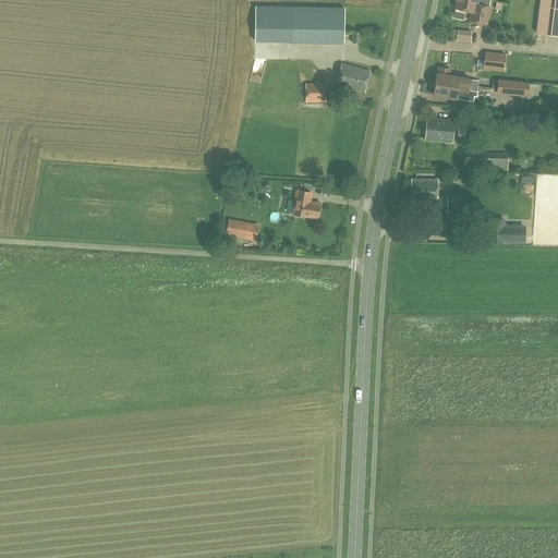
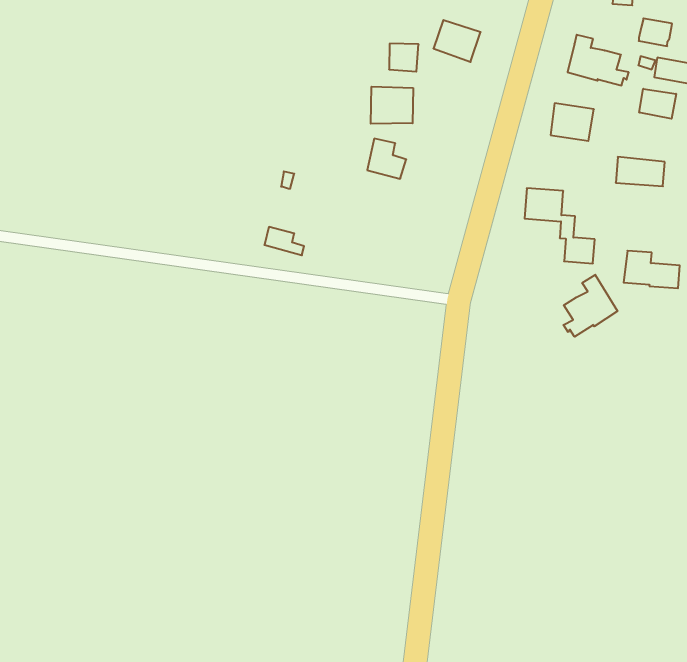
building: none -> [639,89,676,119]
building: none -> [371,87,413,124]
building: [293,190,320,217] -> [367,139,406,179]
building: none -> [563,275,617,337]

